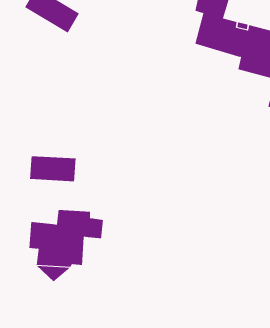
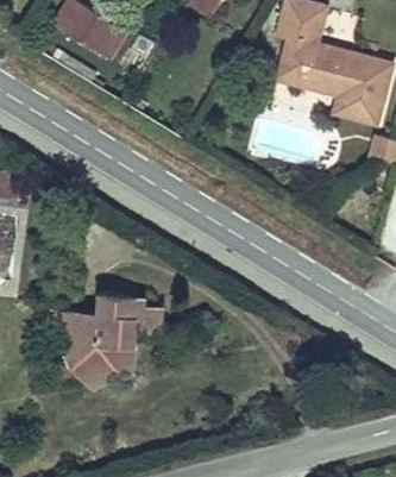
building: [29,155,76,182] -> none

